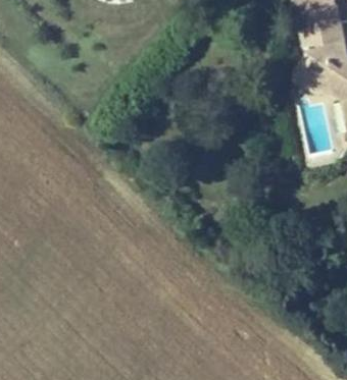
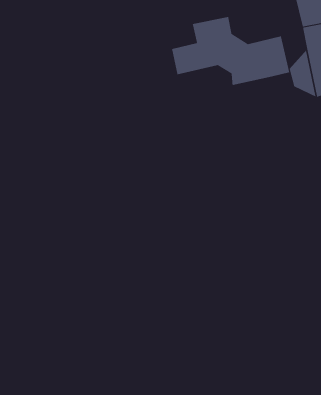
building: none -> [171,16,290,86]

